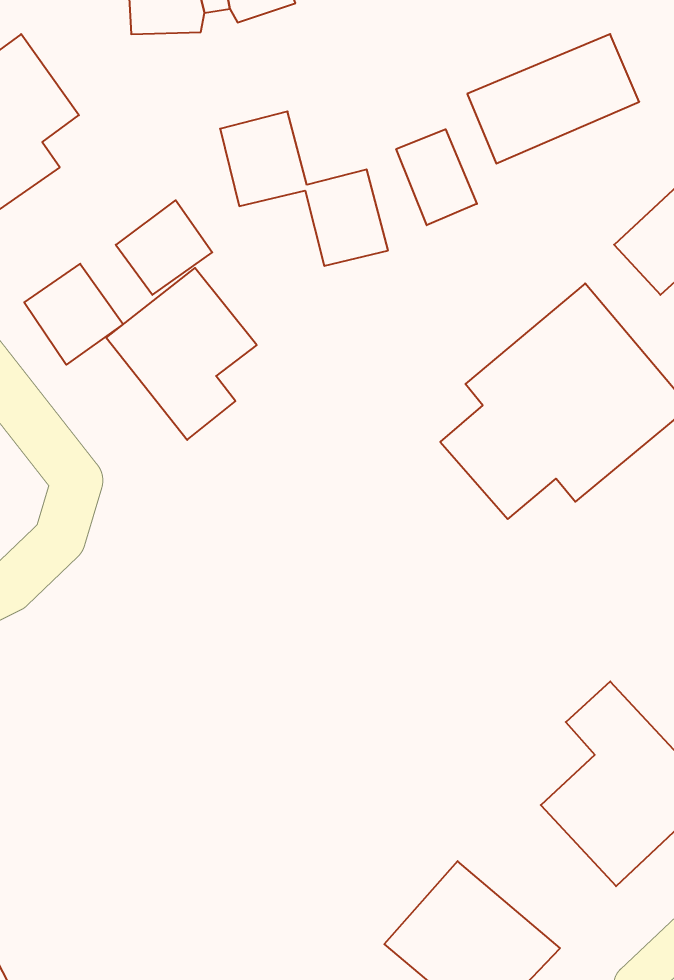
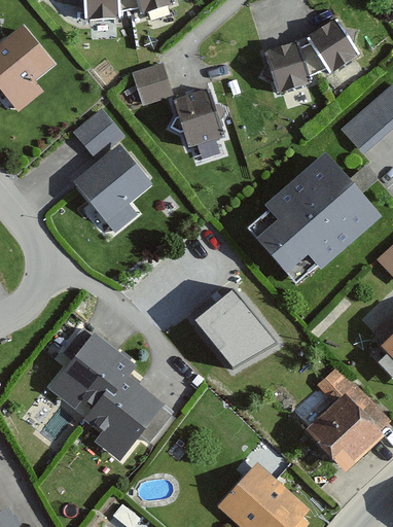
building: [396,129,477,225] -> none
building: [24,264,123,365] -> none
building: none -> [198,281,280,358]
building: none -> [48,329,169,465]

